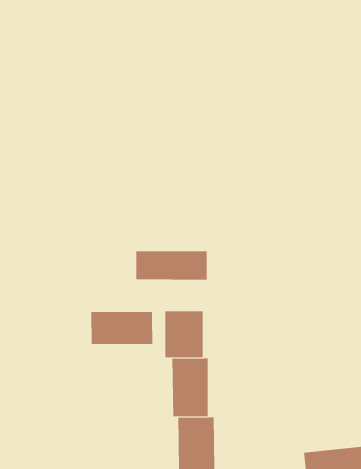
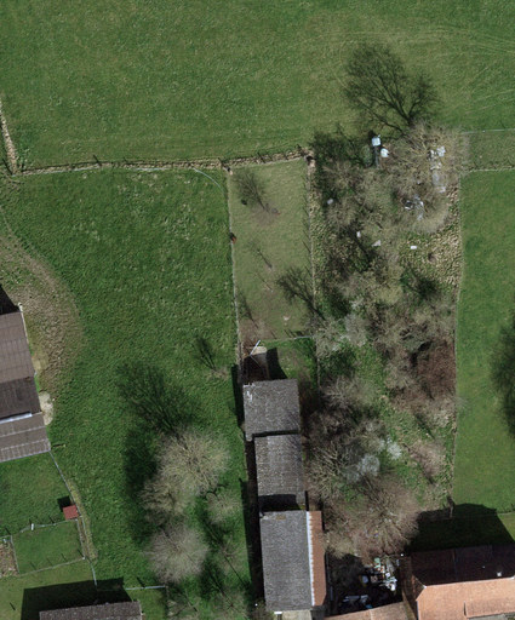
building: [136,250,207,281] -> none
building: [91,311,153,345] -> none

